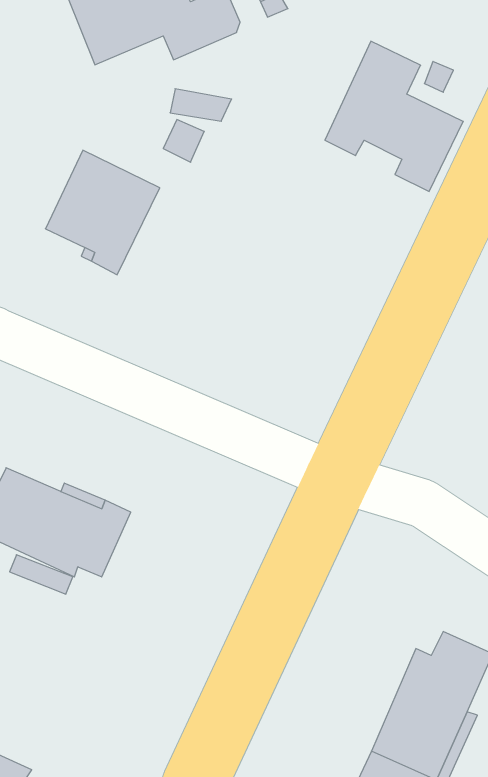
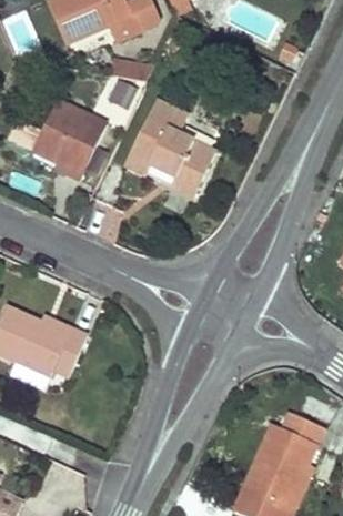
building: [325,41,463,191] -> [125,99,215,196]

